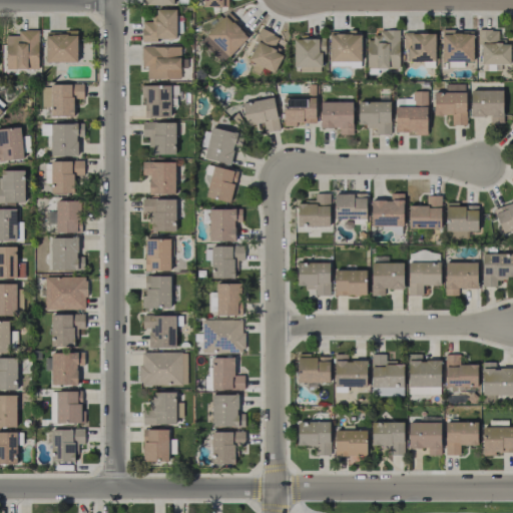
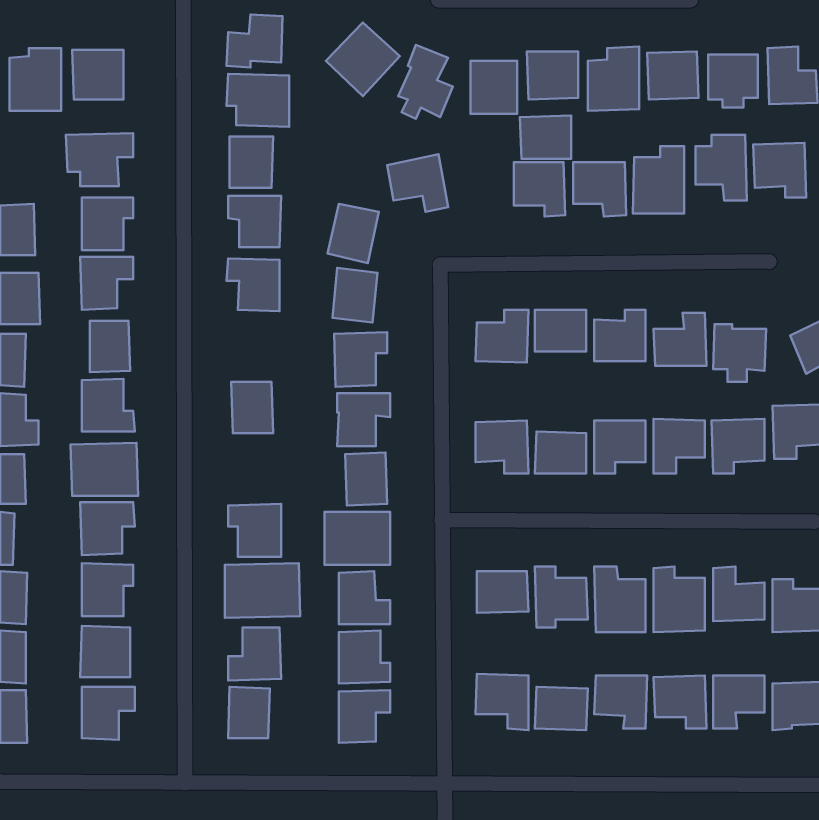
building: [284,97,316,124] -> [520,116,571,159]
building: [143,198,176,231] -> none
building: [142,276,171,309] -> none

